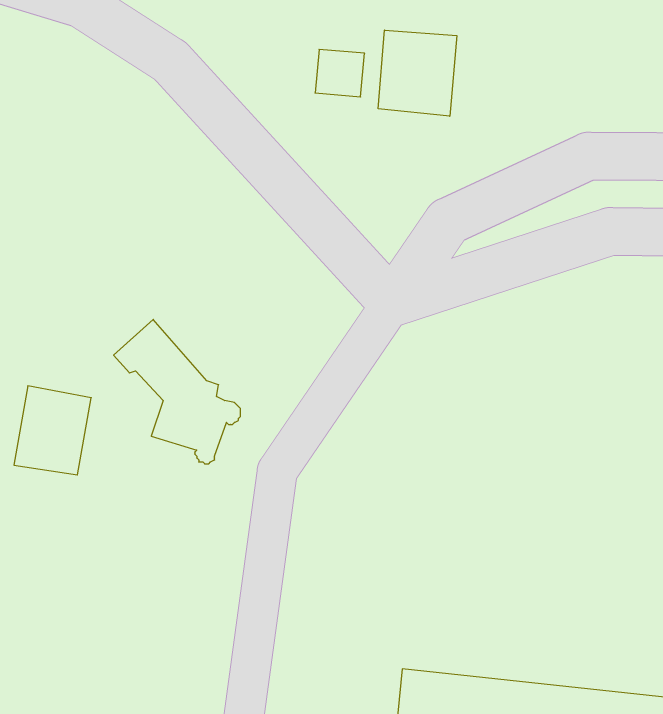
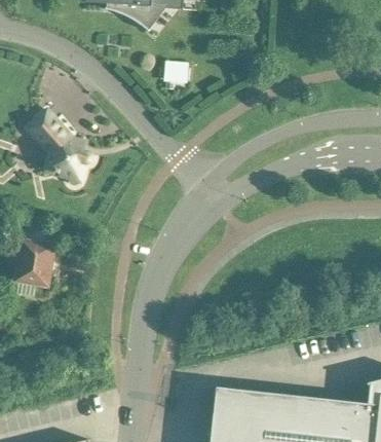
building: [378,30,457,116] -> none
building: [114,319,240,464] -> [25,110,90,185]

